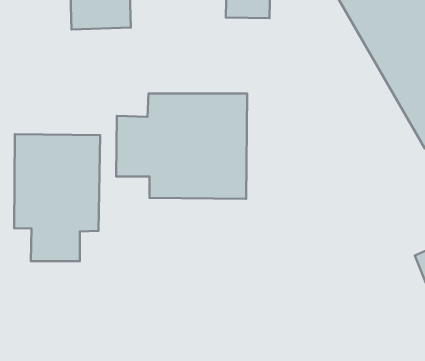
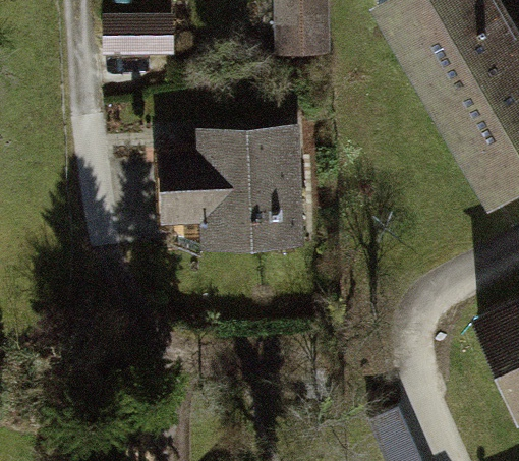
building: [14,134,100,261] -> none

